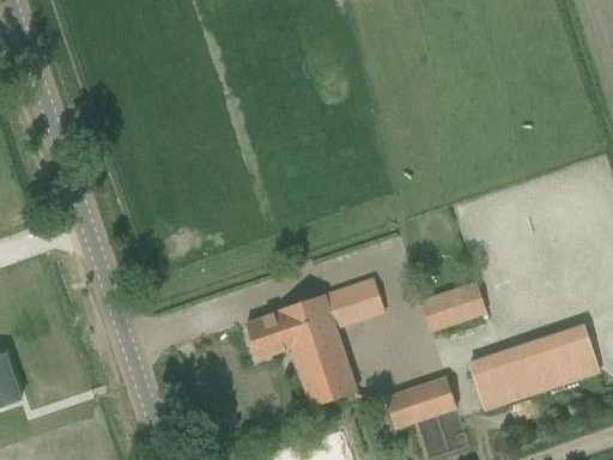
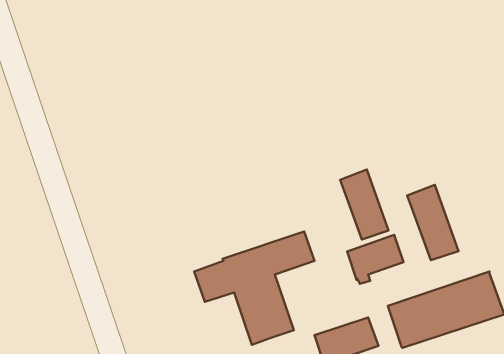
building: none -> [340,170,389,239]
building: none -> [407,185,458,260]

